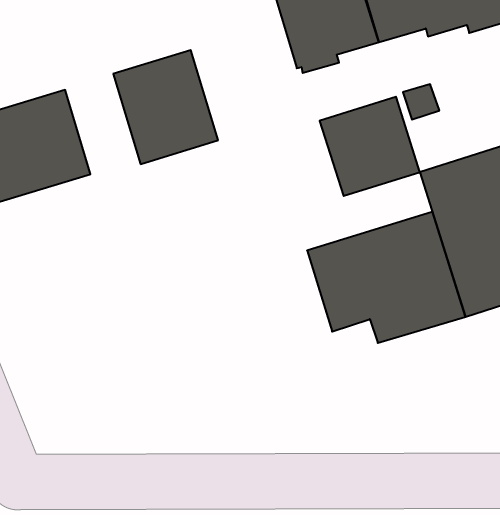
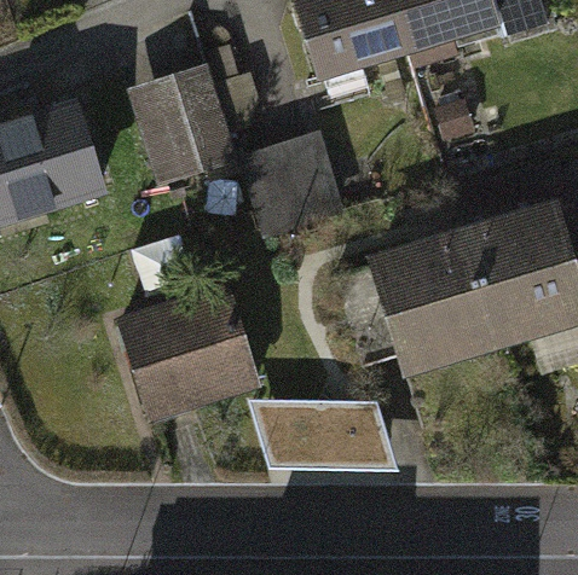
building: [320,97,420,196] -> [237,133,343,238]
building: none -> [114,281,261,423]
building: none -> [261,401,389,475]

